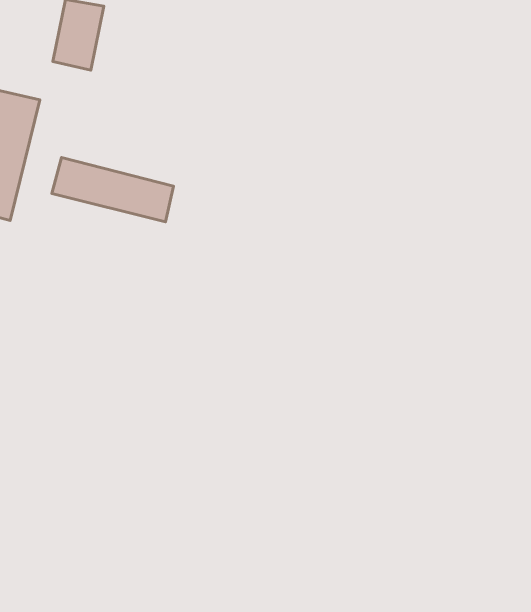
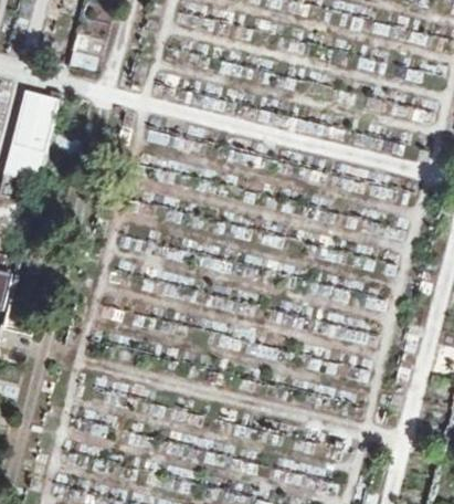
building: [52,158,174,222] -> none

